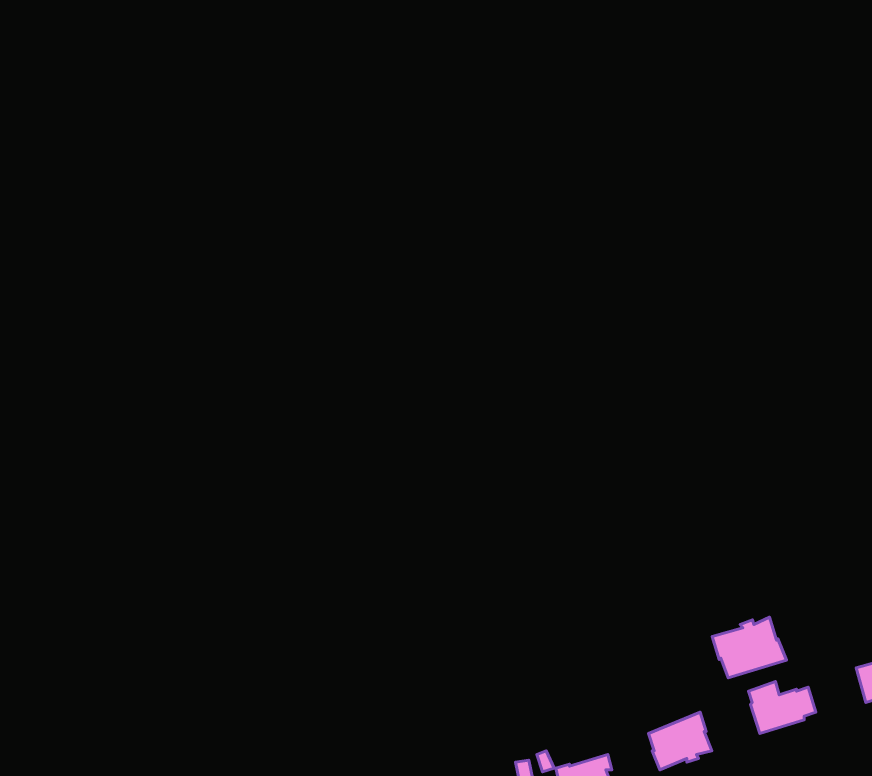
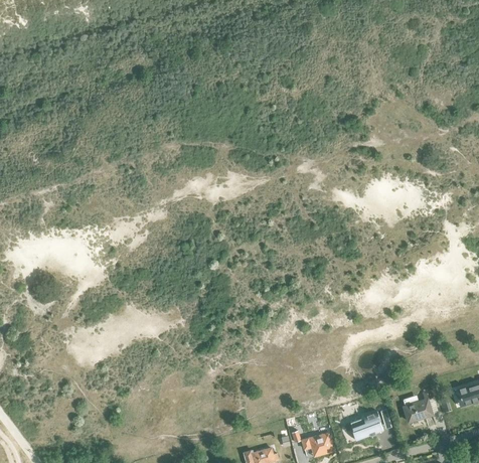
building: [712,617,787,678] -> none

